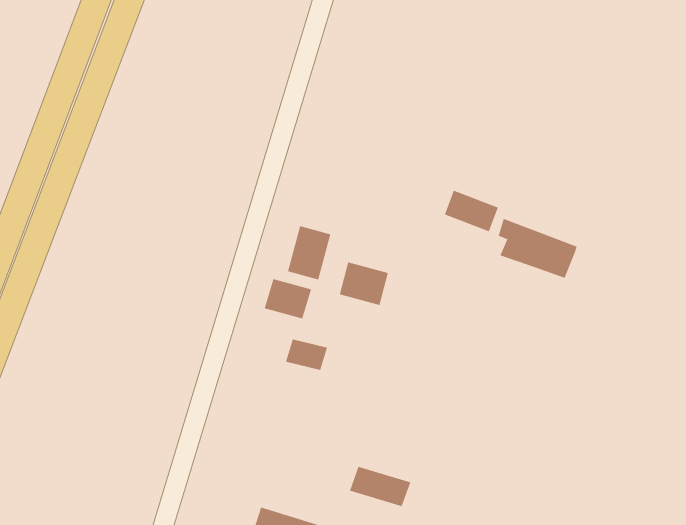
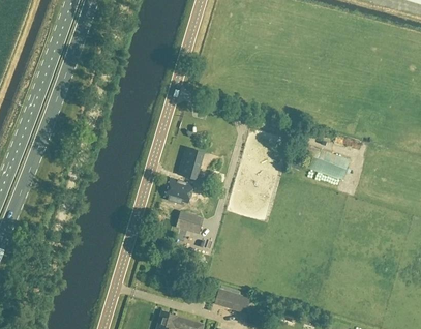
building: [444,190,499,232] -> none
building: [339,261,388,306] -> none

